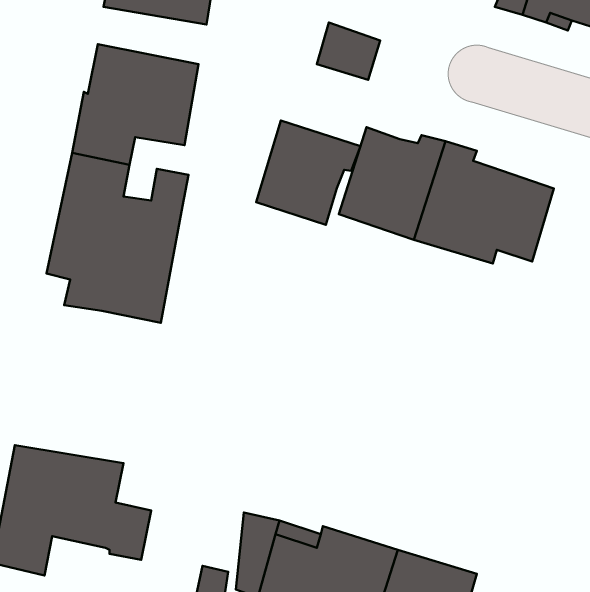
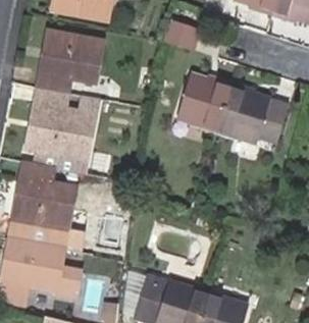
building: [256,121,360,225] -> none
building: none -> [16,163,76,230]

